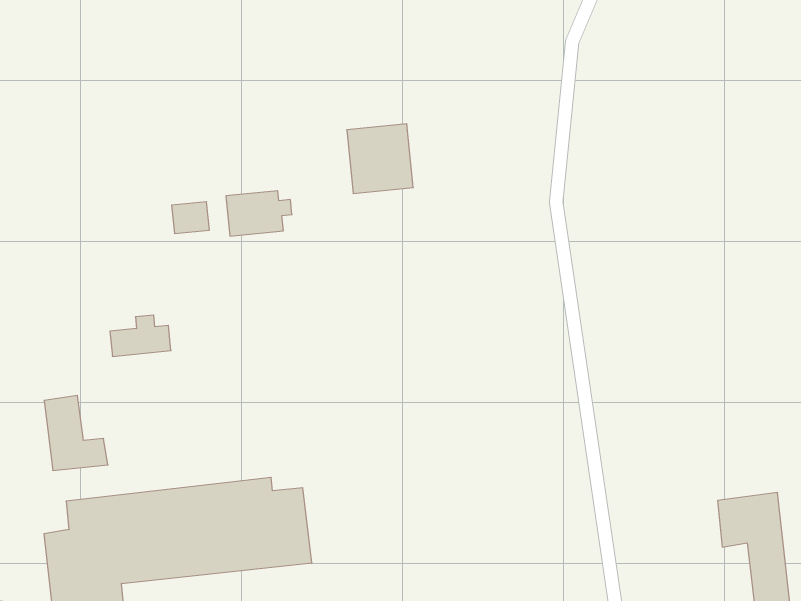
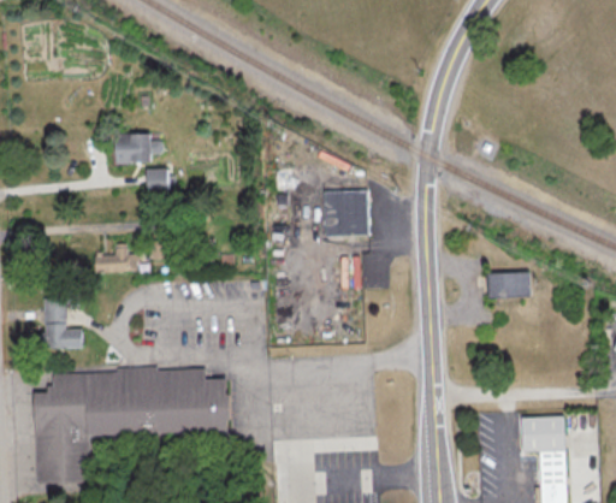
building: [347,124,413,193] -> [322,189,366,235]
building: [226,191,292,236] -> [122,132,167,161]
building: none -> [485,272,529,297]

